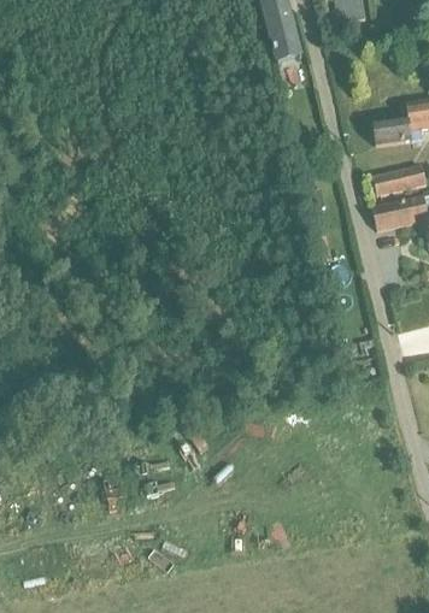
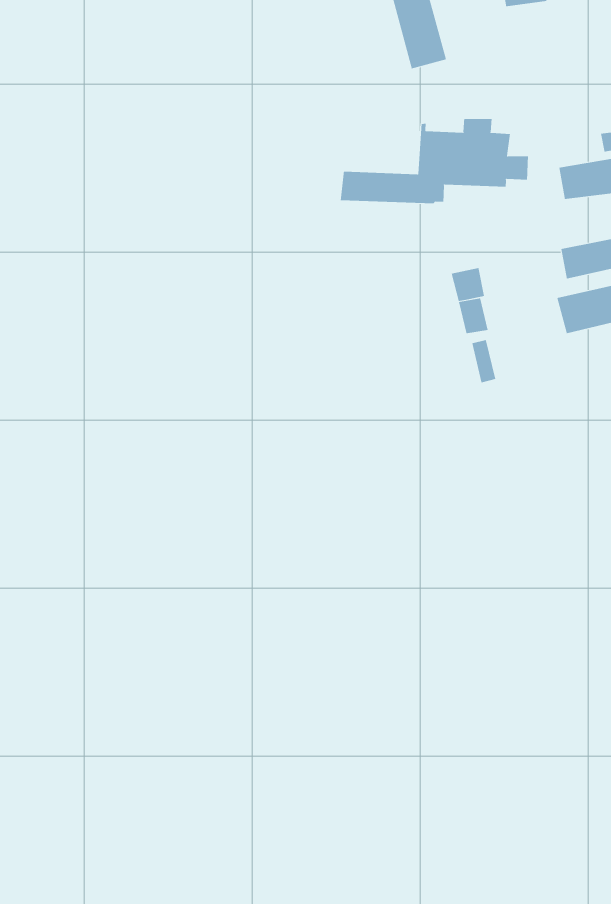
building: none -> [340,118,528,204]

